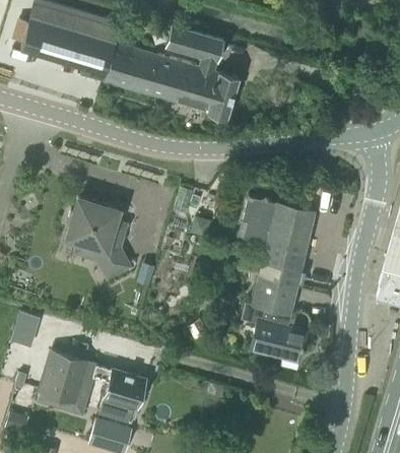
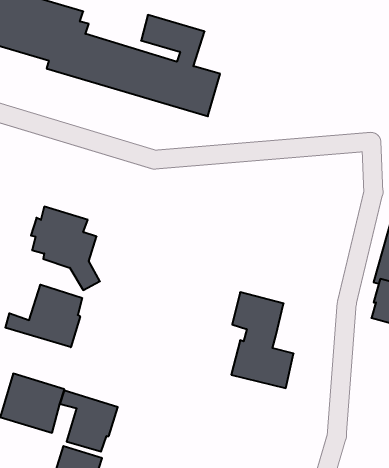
building: [239,198,316,287] -> none
building: none -> [5,285,82,347]

